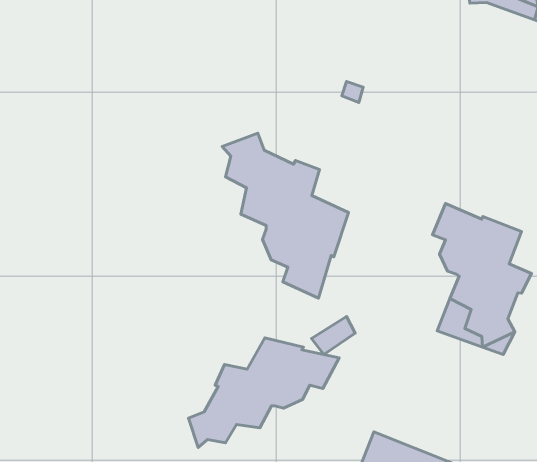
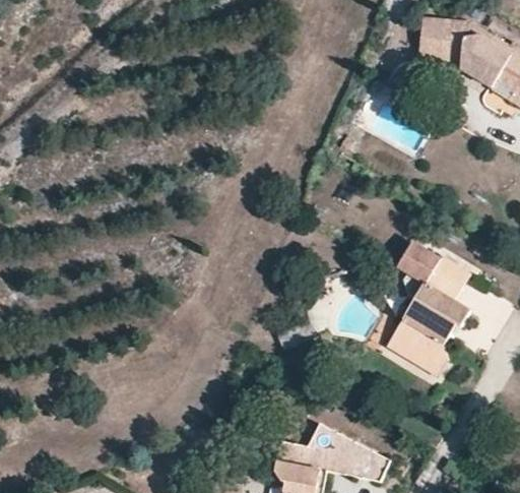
building: [222,133,348,298] -> none
building: [188,338,339,447] -> none

